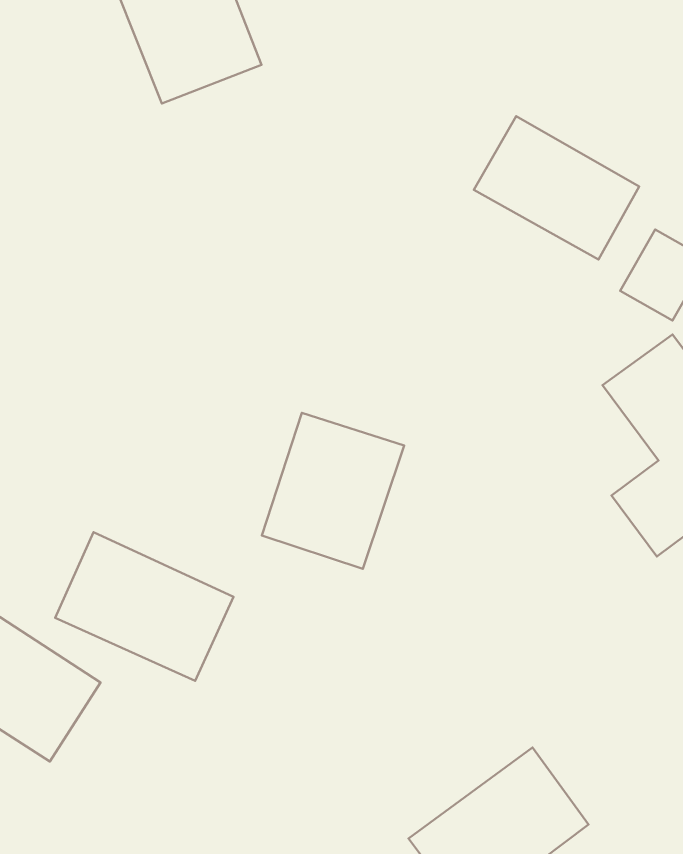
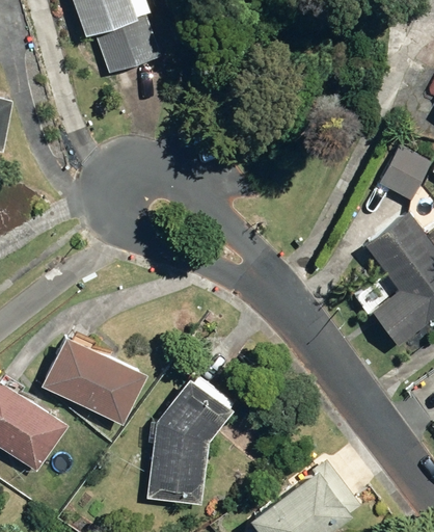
building: [474,116,639,259] -> none
building: [262,413,404,569] -> none
building: none -> [144,375,235,505]

